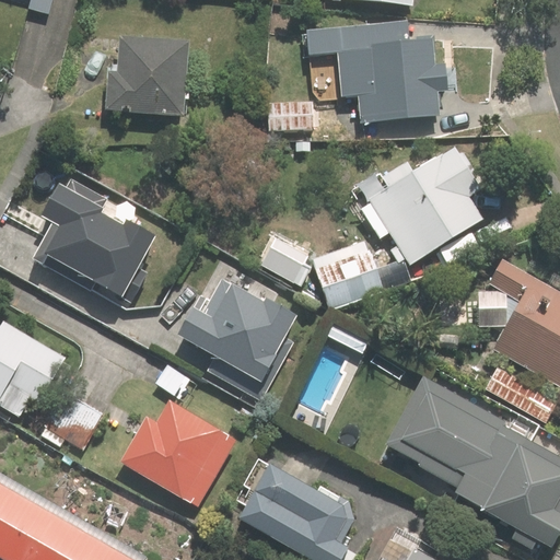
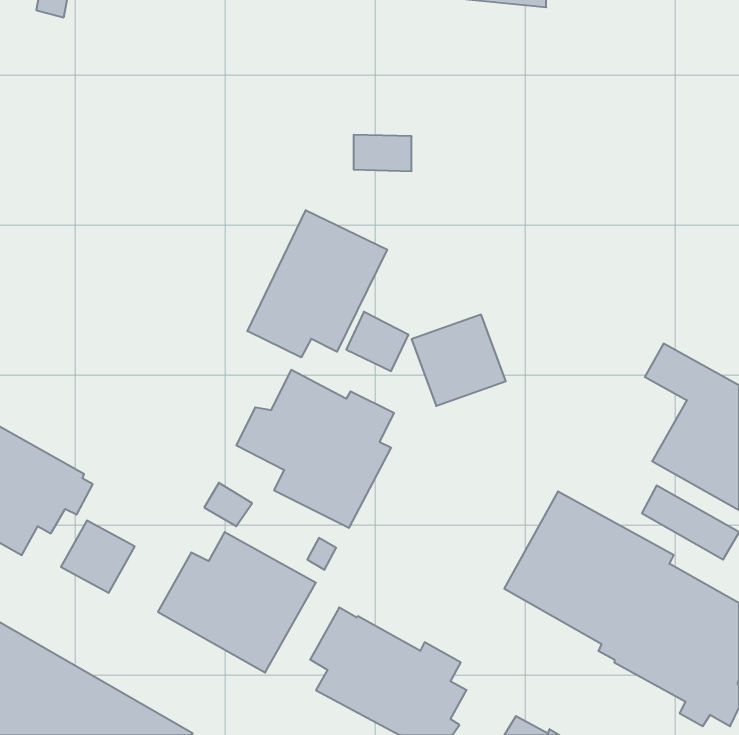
building: [306,22,453,122] -> none
building: [104,38,187,116] -> none
building: [360,149,482,265] -> none
building: none -> [247,210,387,357]
building: [19,175,155,298] -> none

